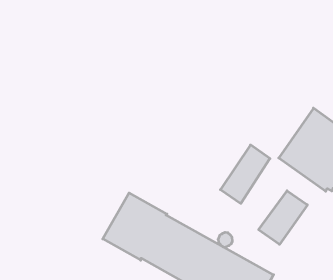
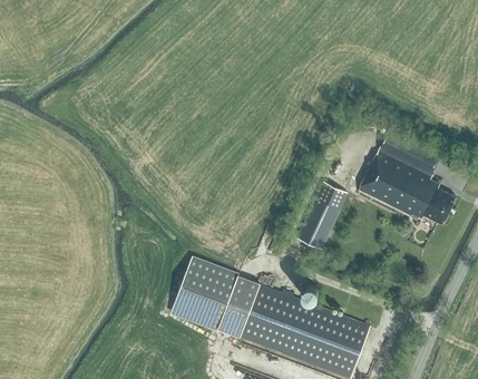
building: [259,191,307,244] -> none

